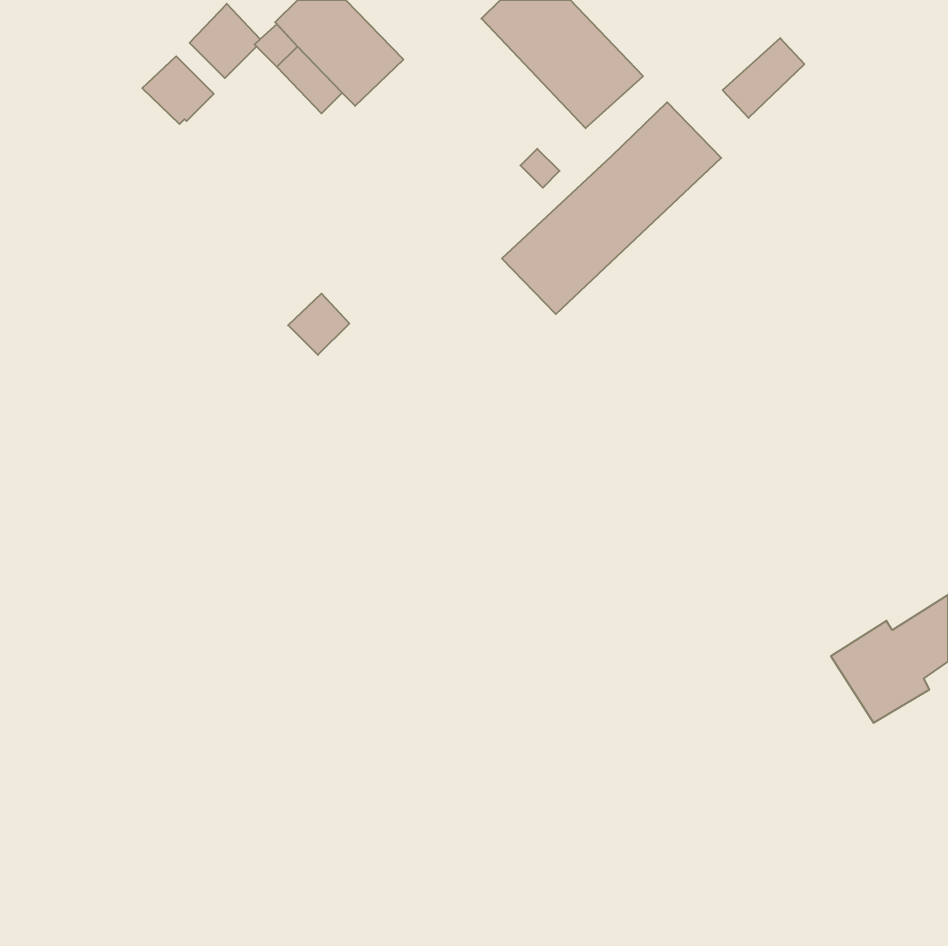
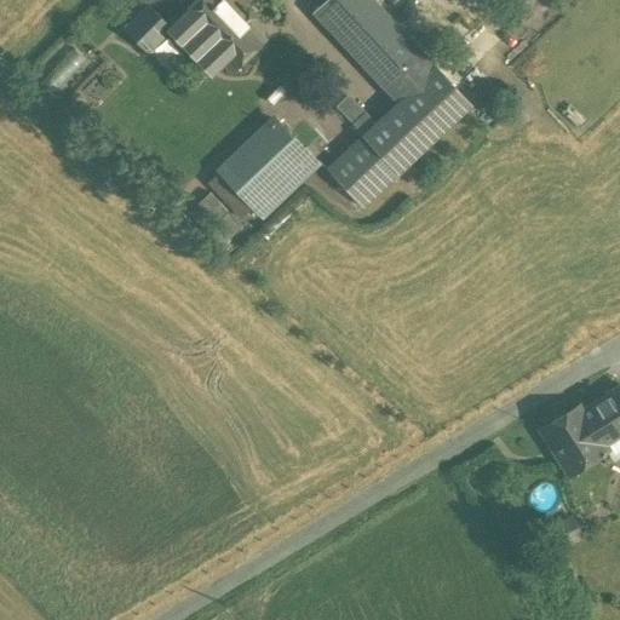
building: [723,38,804,118] -> [381,52,435,104]
building: [142,56,214,124] -> none
building: none -> [219,120,308,208]

